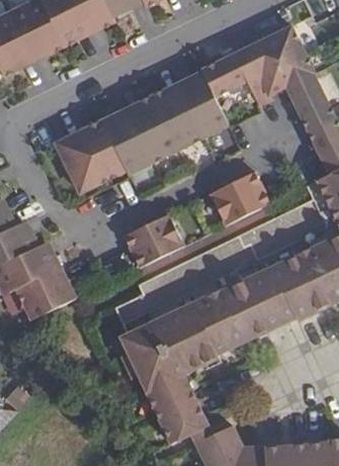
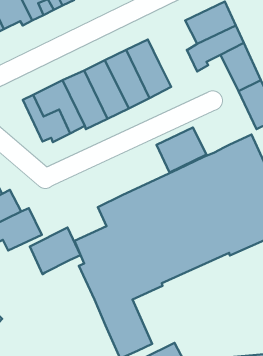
building: [200,48,259,97] -> none
building: [124,213,184,268] -> [30,227,81,274]

